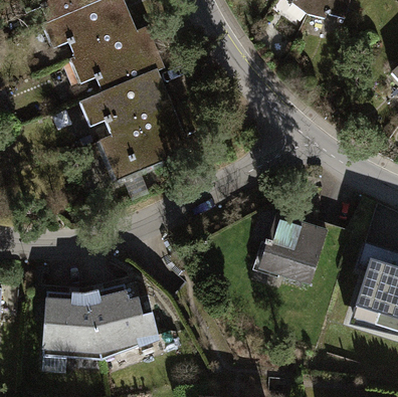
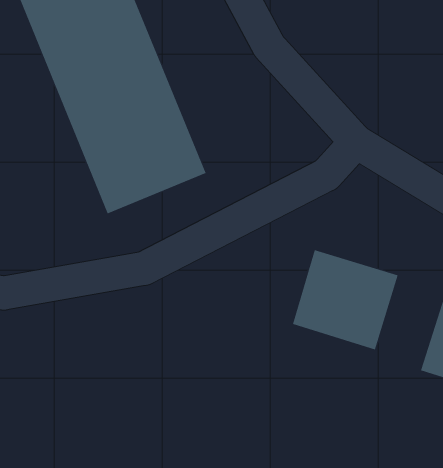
building: [45,284,155,355] -> none

